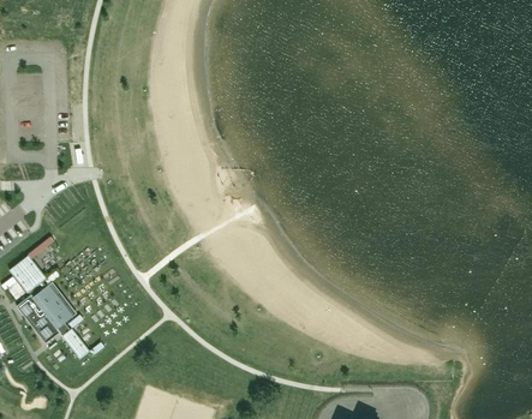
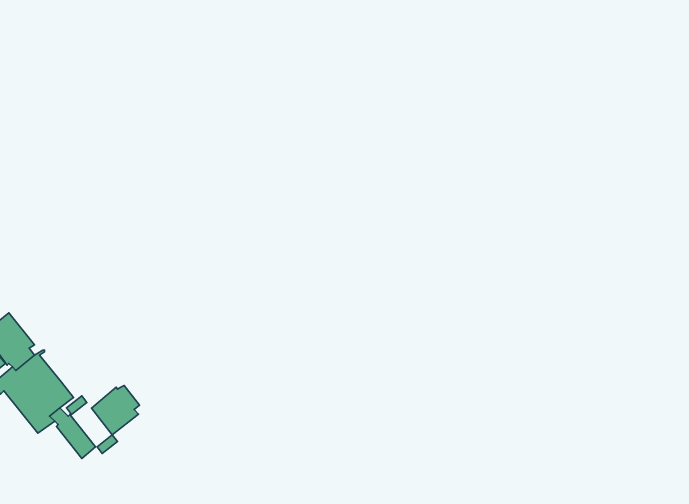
building: none -> [92,385,139,435]

